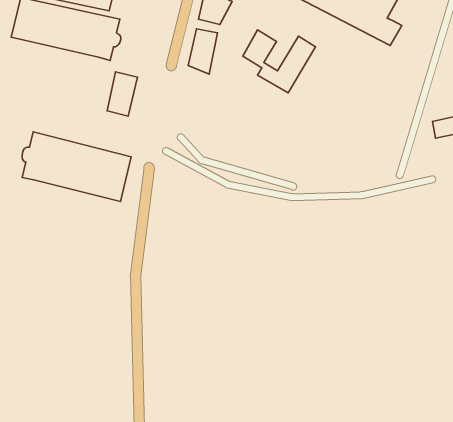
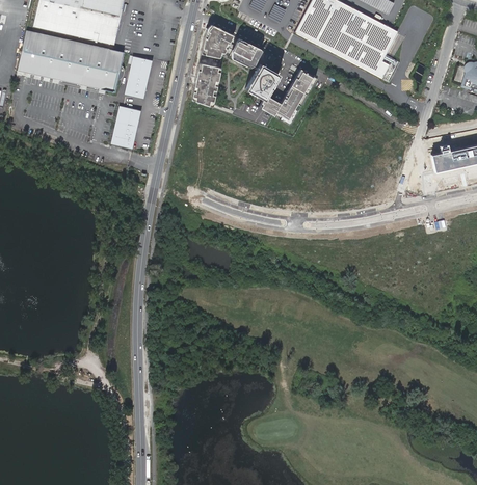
building: none -> [230,38,262,69]
building: none -> [125,55,153,98]
building: [22,132,131,201] -> none

